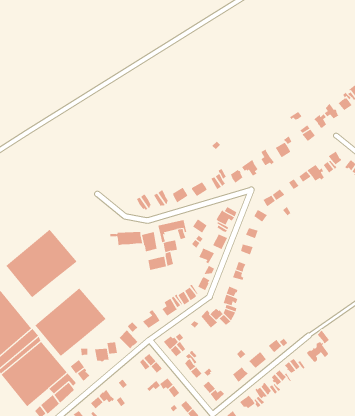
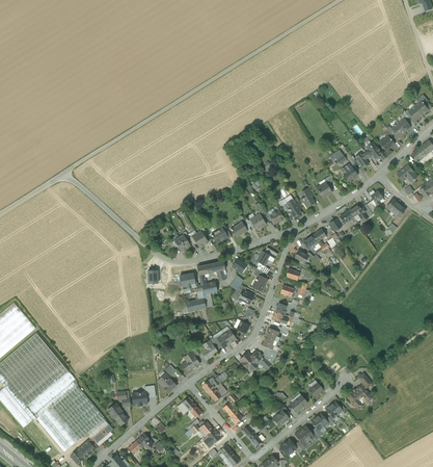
building: [6,229,77,298] -> none
building: [35,287,107,357] -> none

